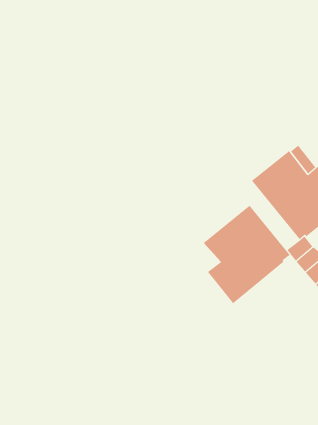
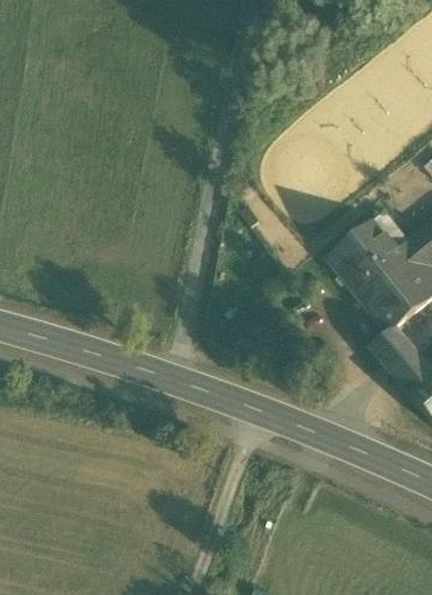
building: [203,205,290,304] -> none

